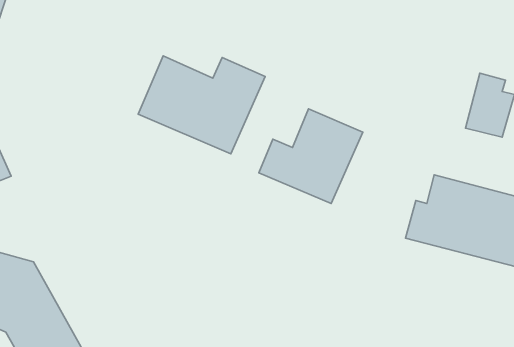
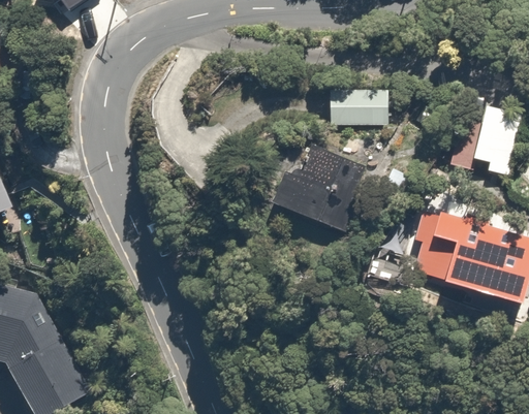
building: none -> [326,84,391,126]
building: [138,56,265,154] -> none

